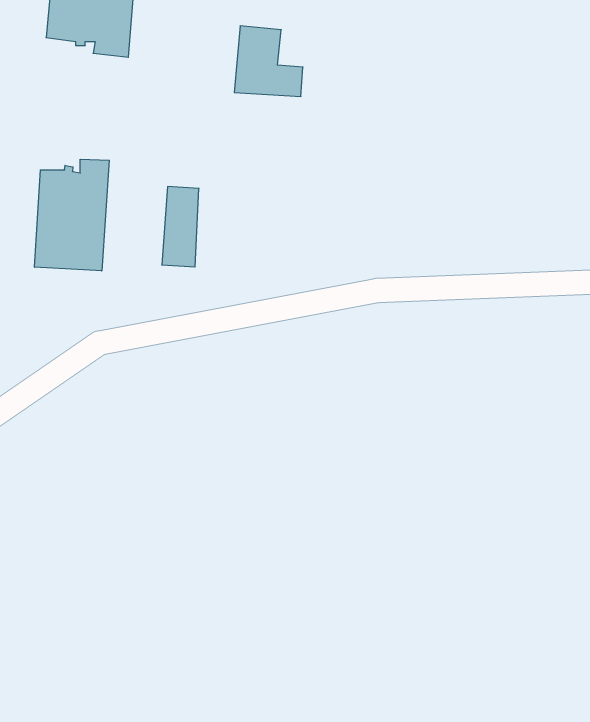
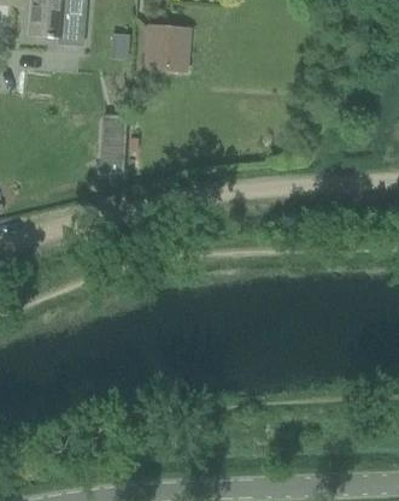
building: [35,159,109,271] -> none

